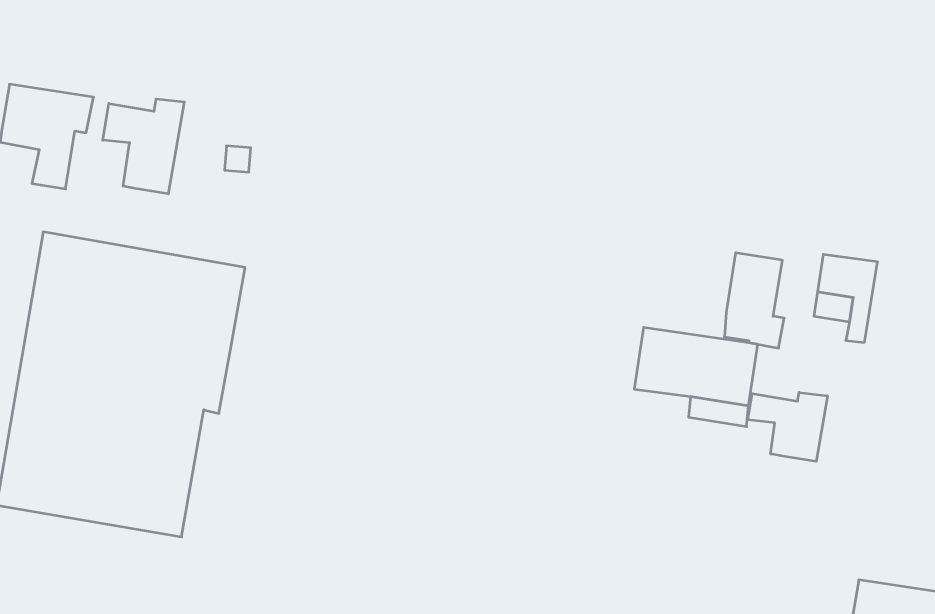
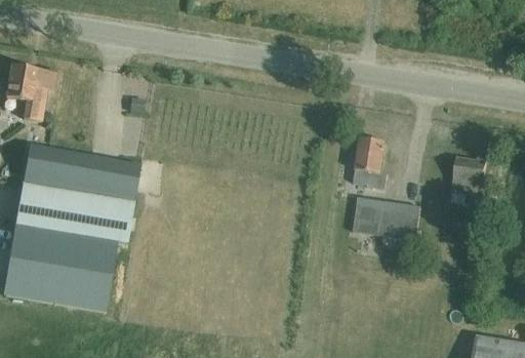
building: [103,99,184,194] -> none
building: [724,253,784,348] -> [354,136,387,189]
building: [748,392,827,461] -> none

